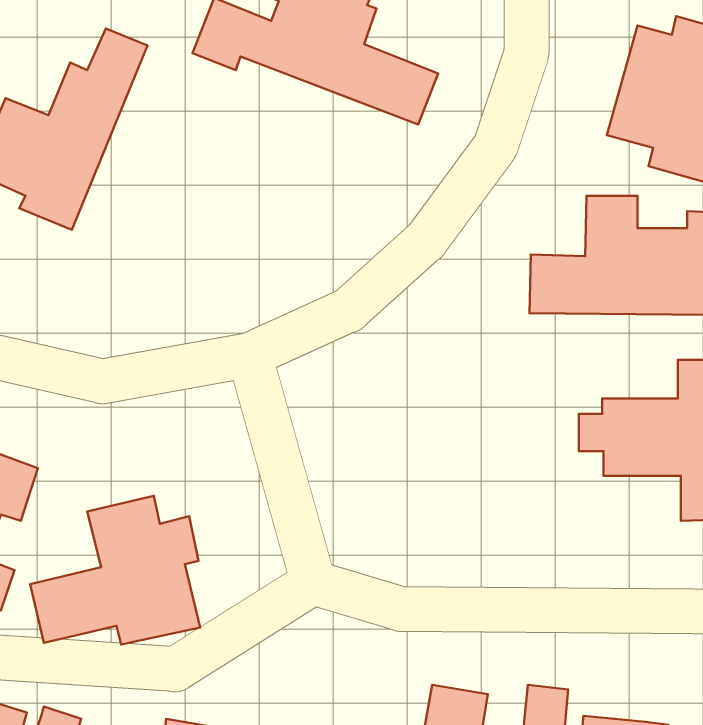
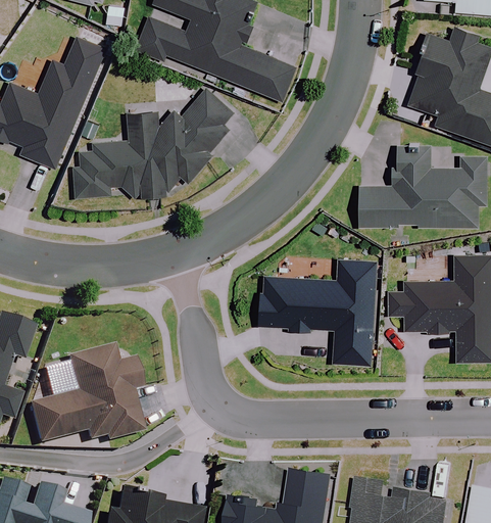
building: none -> [76,91,234,197]
building: none -> [260,259,375,365]

